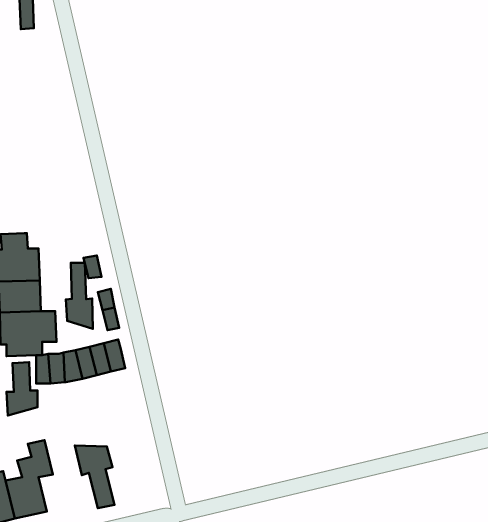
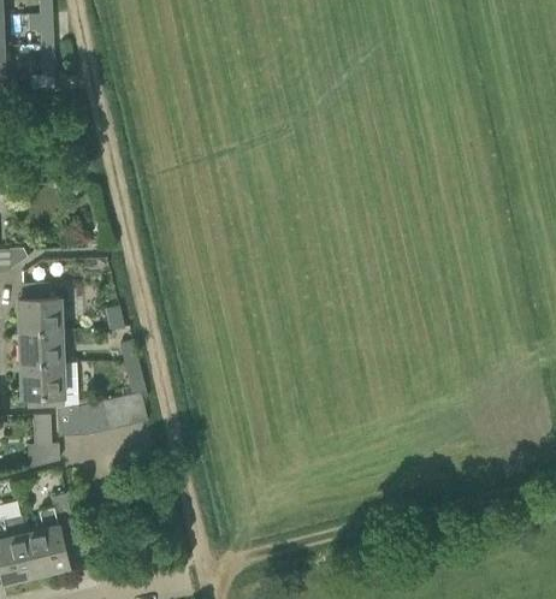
building: [66,263,93,329] -> none
building: [75,445,114,508] -> none

